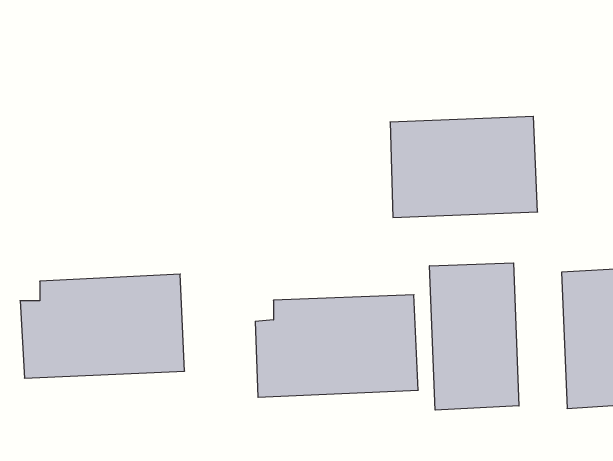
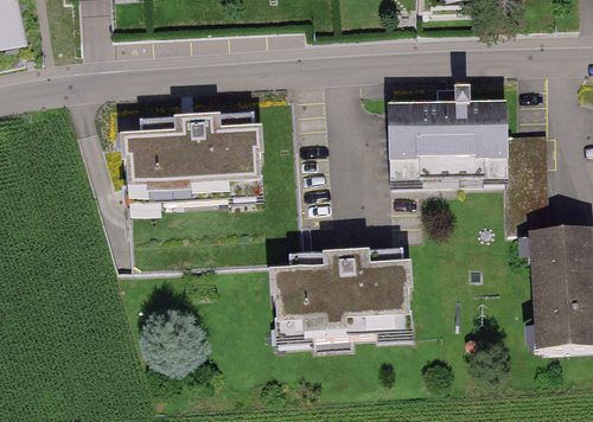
building: [430,263,519,410] -> none
building: [20,274,185,378] -> [120,111,259,199]

